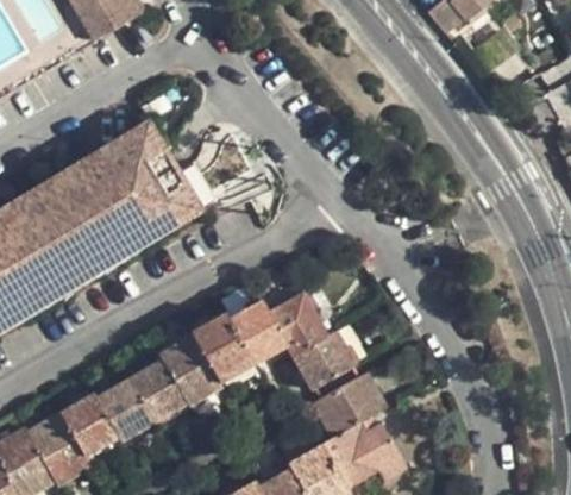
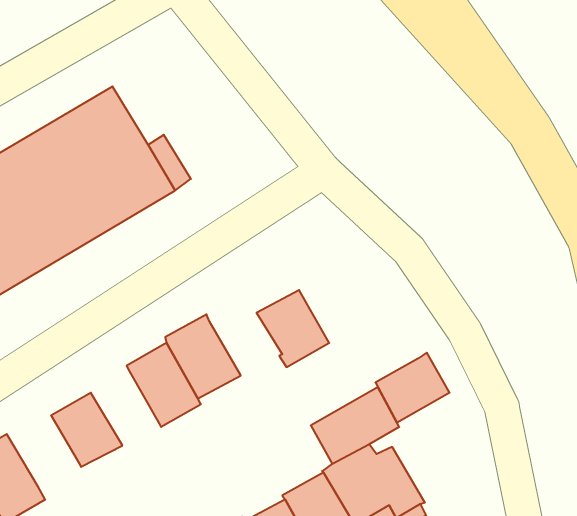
building: [228,301,289,364] -> none
building: [293,332,354,390] -> [375,353,450,422]
building: [130,361,187,422] -> none
building: [59,394,120,457] -> none

